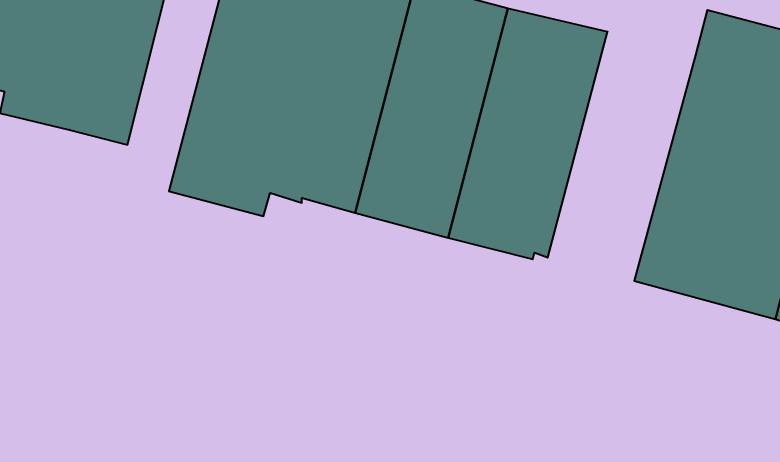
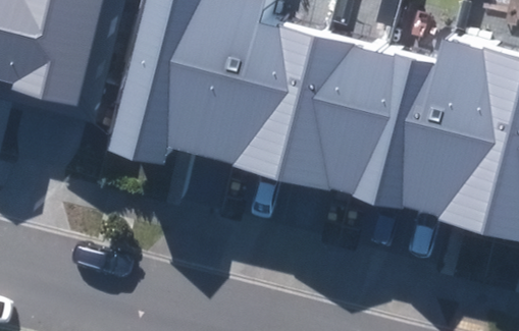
building: none -> [346,45,436,198]

